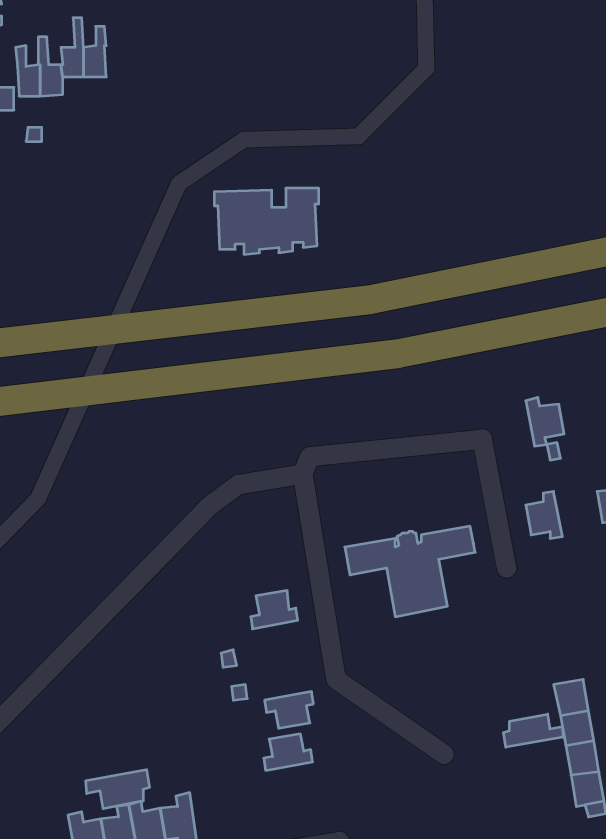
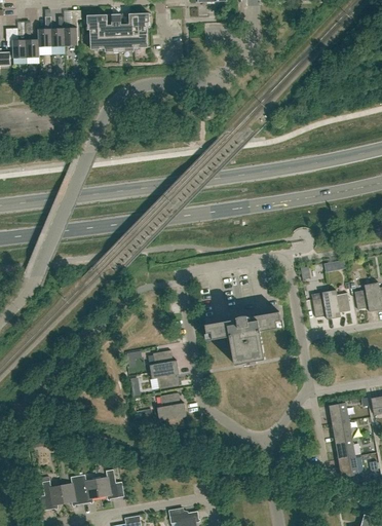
building: none -> [63,10,80,46]
building: [214,188,319,254] -> [86,13,148,52]
building: [526,397,564,446] -> [328,289,350,317]
building: none -> [150,367,179,388]
building: [503,714,563,747] -> none
building: [264,734,313,770] -> [156,392,185,414]
building: [86,770,150,809] -> none

